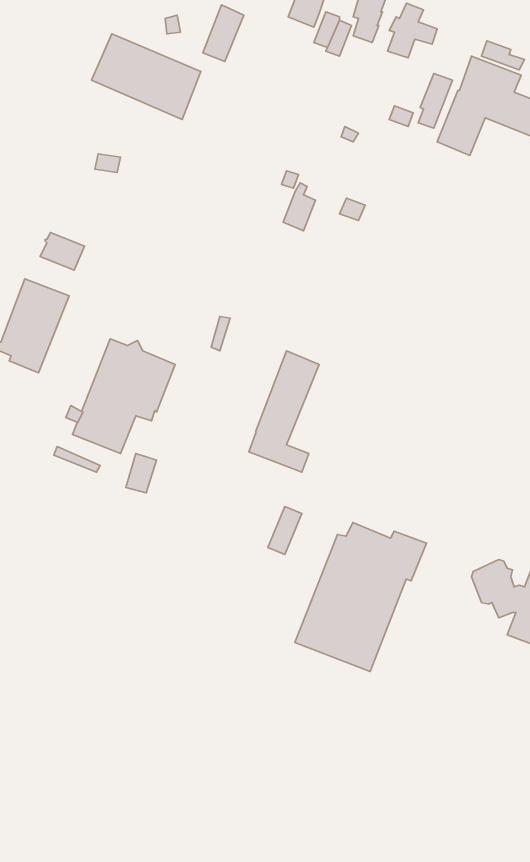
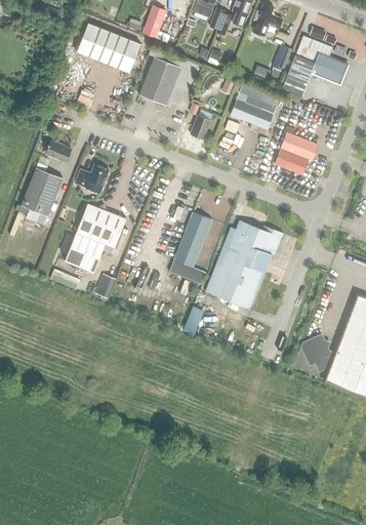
building: none -> [139,46,185,106]
building: none -> [231,82,276,130]
building: none -> [275,125,317,174]
building: none -> [75,165,109,193]
building: [295,523,427,672] -> [205,220,284,310]

